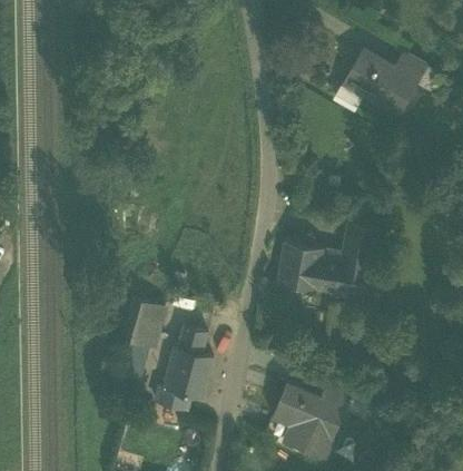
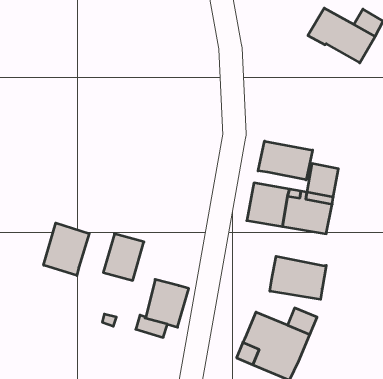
building: none -> [258,141,313,180]
building: none -> [44,223,89,276]
building: none -> [270,256,326,299]
building: [177,326,208,355] -> none

